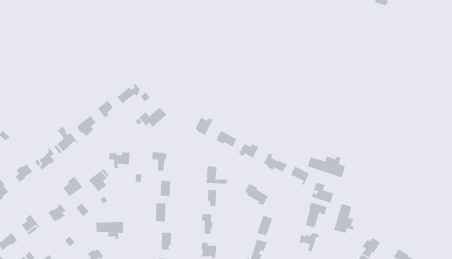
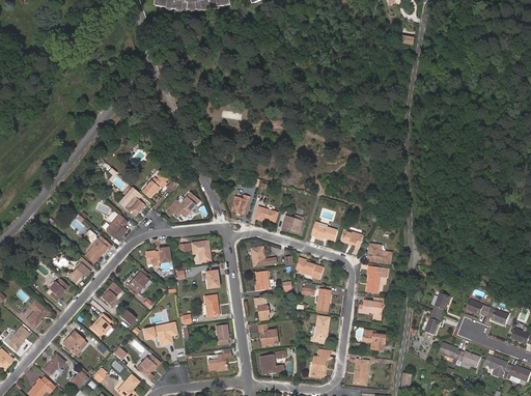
building: [307,156,346,178] -> none
building: [334,203,354,234] -> none

